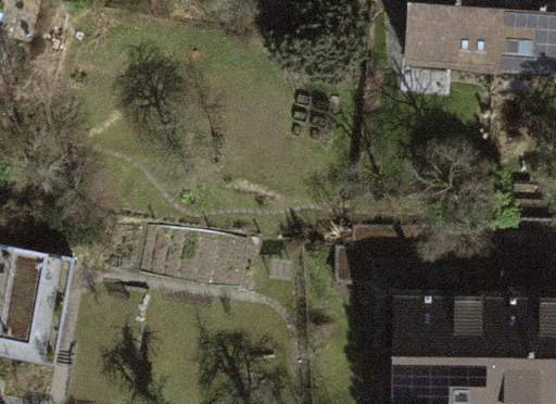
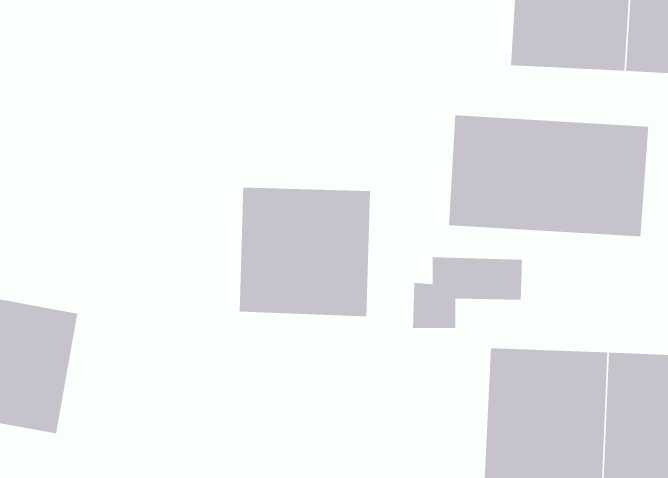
building: none -> [448,115,649,237]
building: none -> [239,187,371,317]

